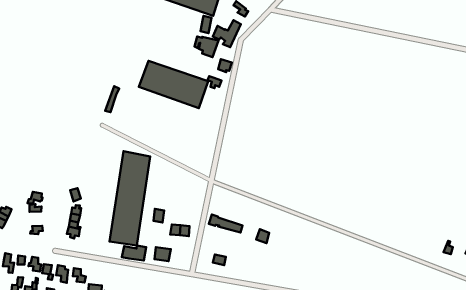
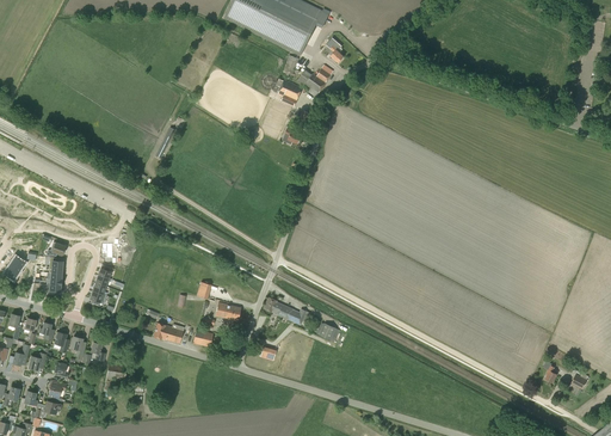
building: [139,61,208,108] -> none
building: [109,151,150,246] -> none

